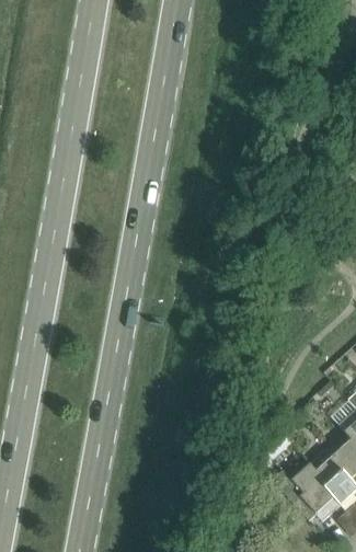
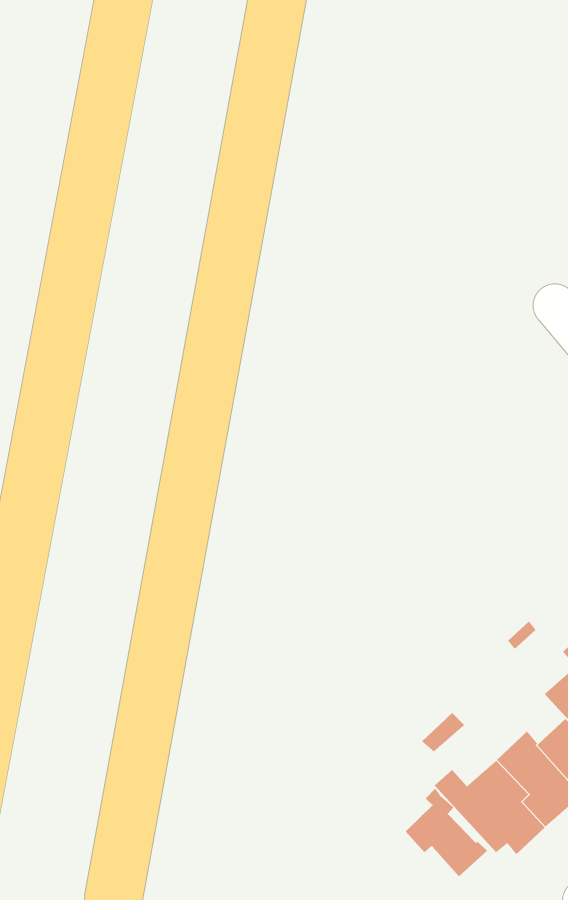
building: none -> [405,788,488,877]

